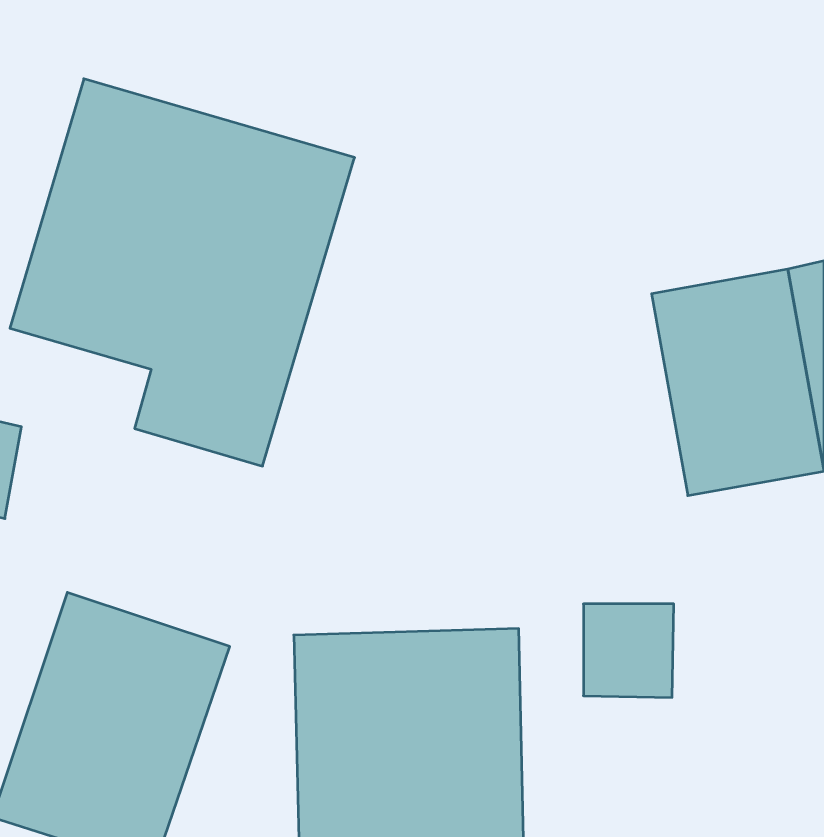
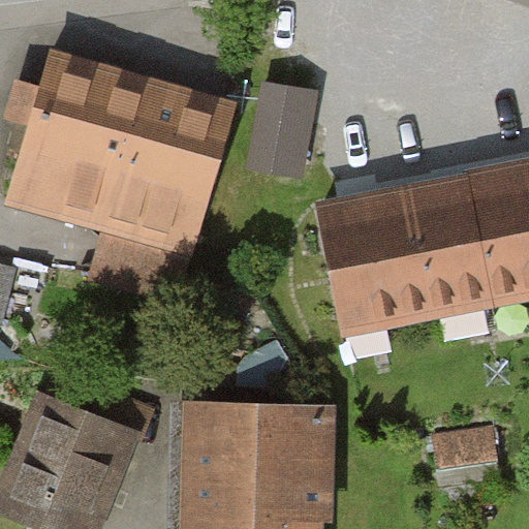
building: none -> [247,86,315,179]
building: none -> [324,186,433,329]
building: [583,604,674,697] -> [437,425,494,484]

